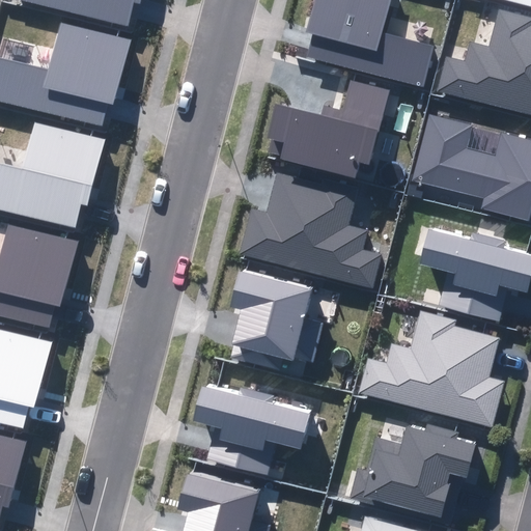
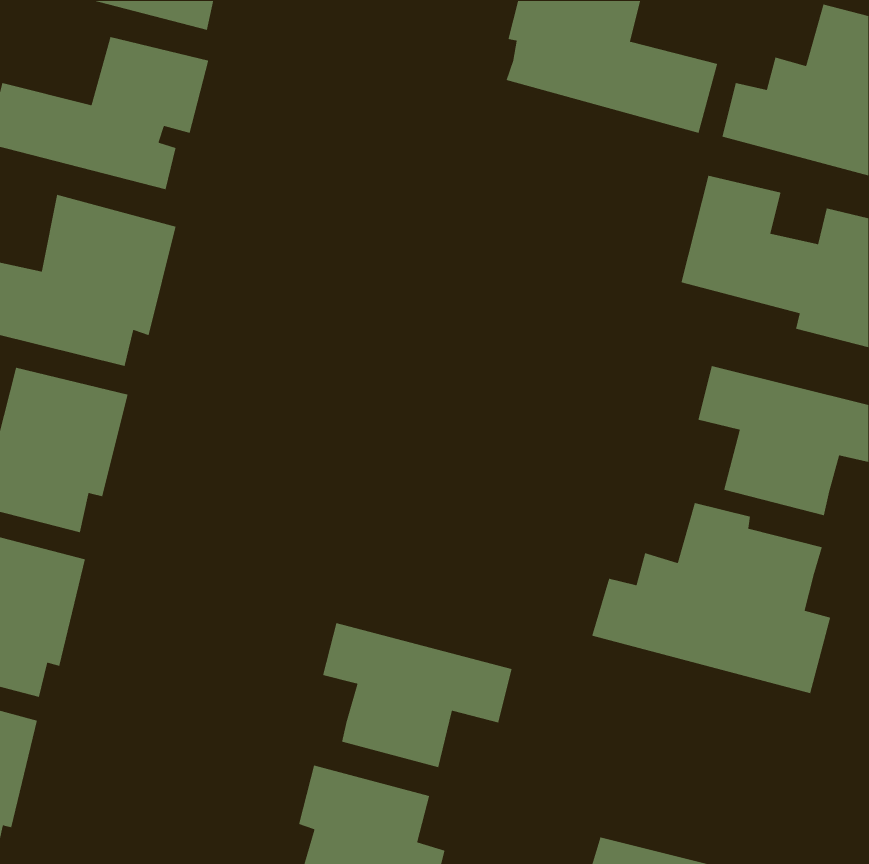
building: [272,80,391,174] -> none
building: [239,168,381,288] -> none
building: [232,269,323,361] -> none
building: [354,423,478,522] -> none

